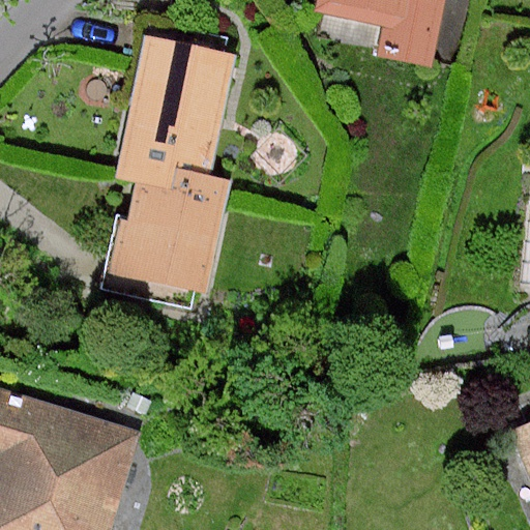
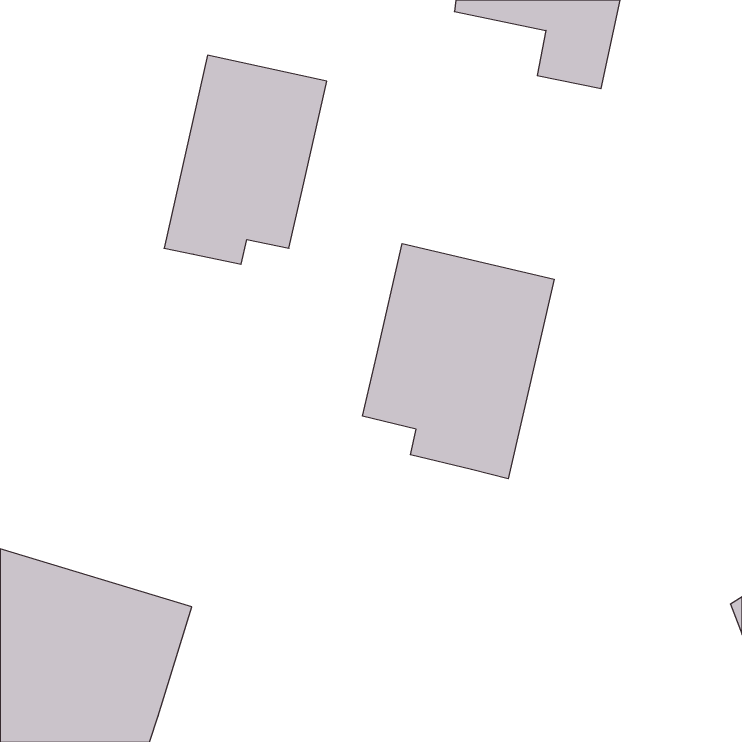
building: [117,171,226,290] -> none
building: none -> [363,244,554,479]

